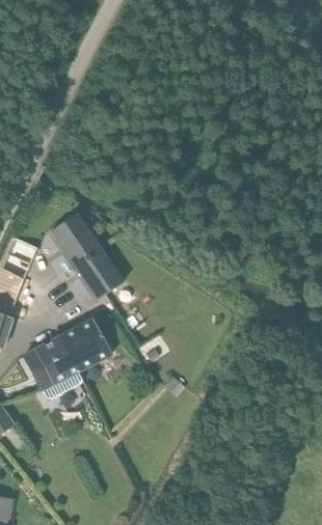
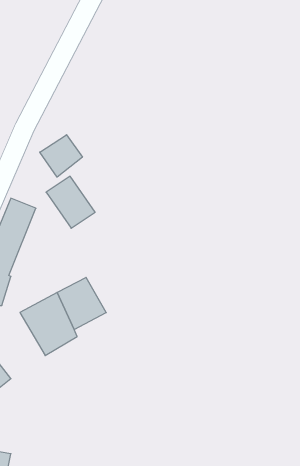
building: none -> [40,135,82,177]
building: [76,251,123,300] -> none

